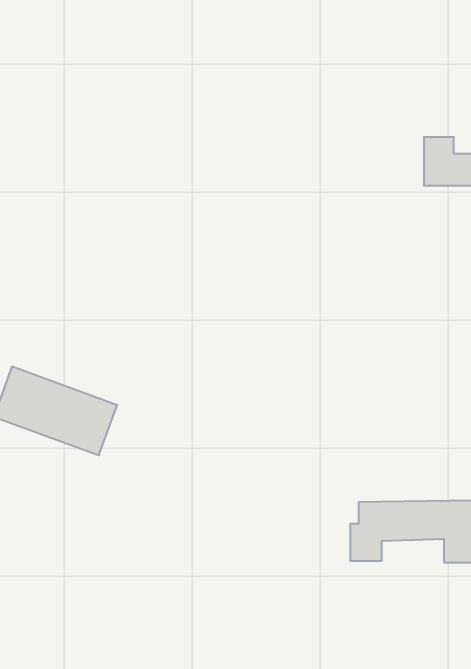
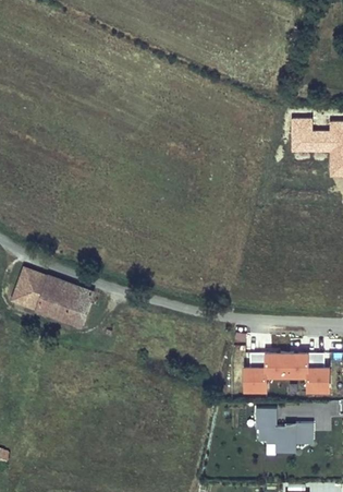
building: none -> [257,408,314,446]

